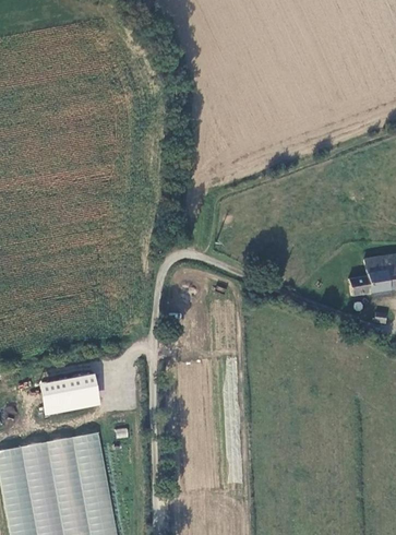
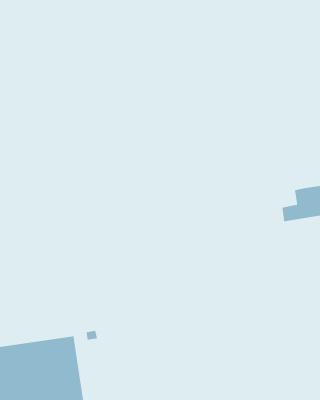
building: [39,373,100,415] -> none

